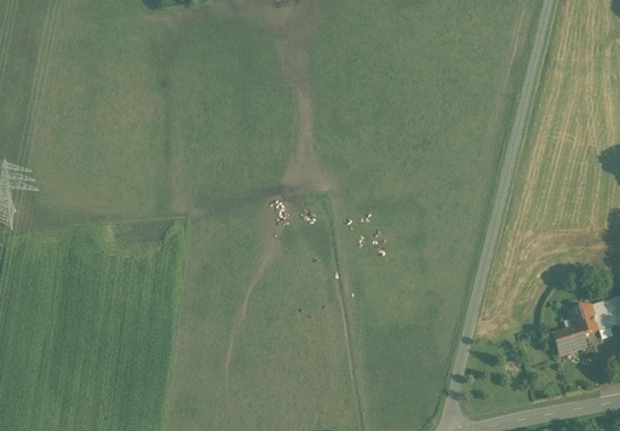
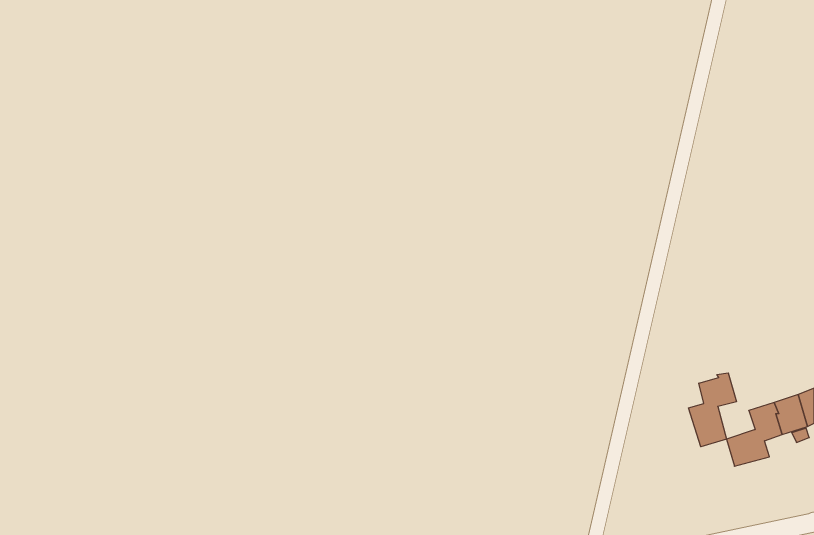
building: none -> [689,373,736,447]

